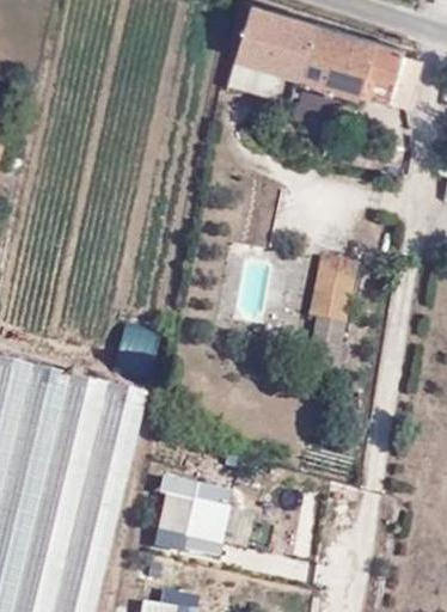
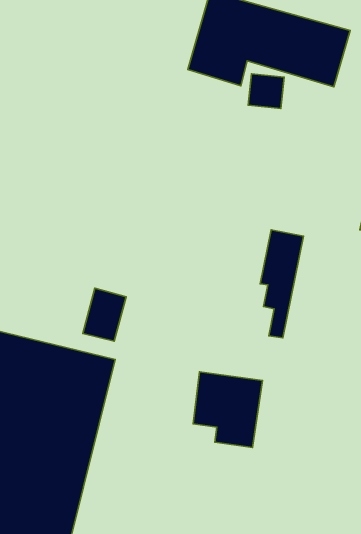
building: [153,477,229,561] -> [193,372,262,448]

